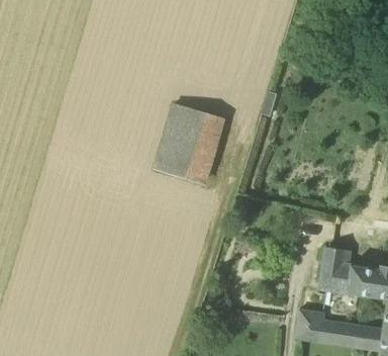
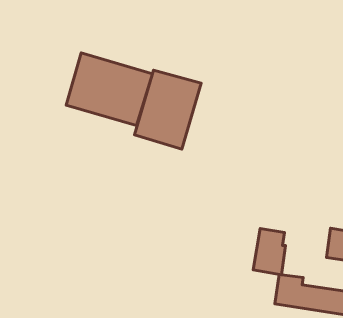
building: none -> [66,53,153,126]
building: [318,245,351,291] -> [253,228,286,275]

